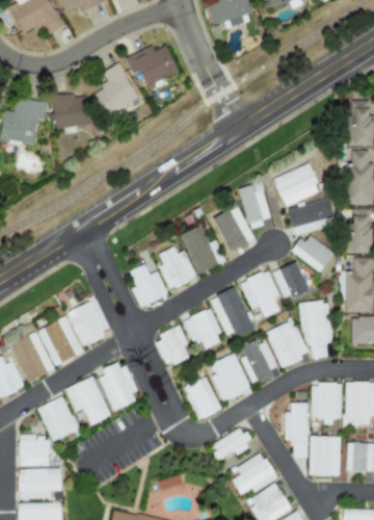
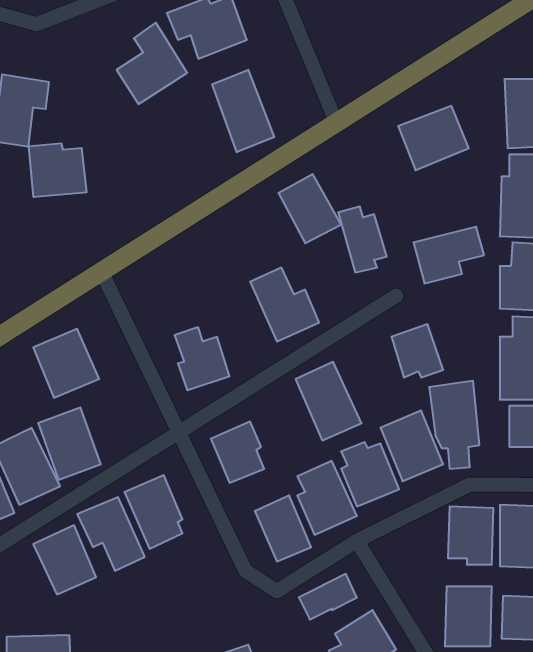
building: [53,93,91,128] -> [29,144,87,197]
building: none -> [212,70,274,152]
building: [274,163,321,206] -> [398,106,469,170]
building: [214,206,256,252] -> [278,174,341,243]
building: [291,234,333,270] -> none
building: [160,248,196,288] -> none
building: [241,269,279,317] -> none
building: [69,298,112,344] -> [33,329,99,398]
building: [184,308,221,348] -> none
building: [285,402,309,457] -> none
building: [20,434,49,465] -> none

